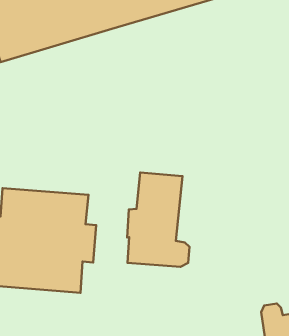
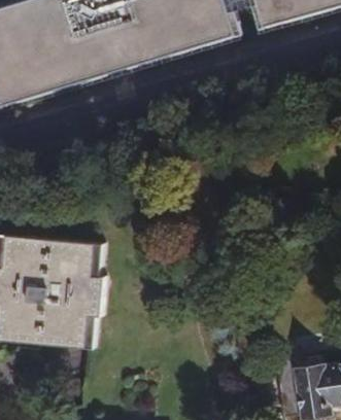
building: [127,172,189,267] -> none

